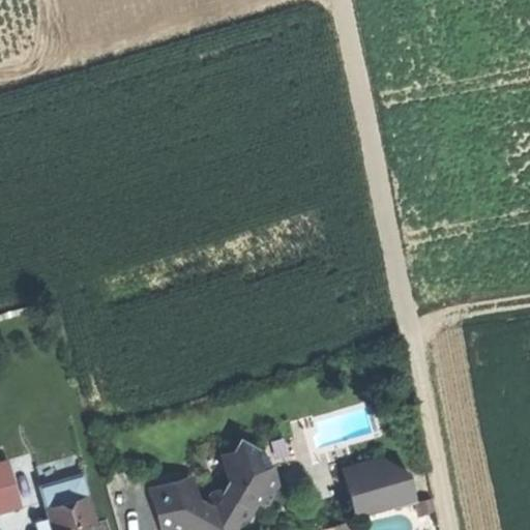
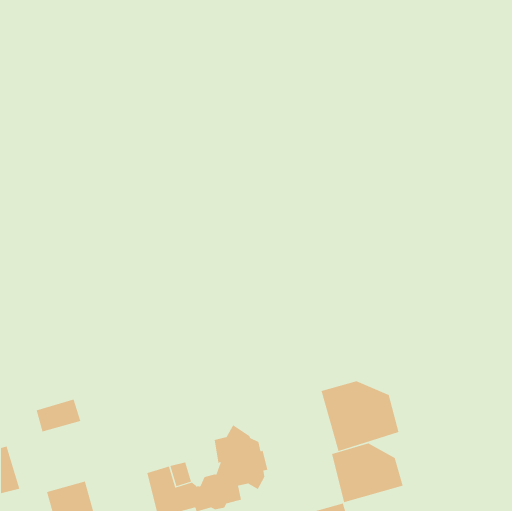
building: none -> [321,381,399,452]
building: [42,475,89,509] -> [36,399,81,432]

